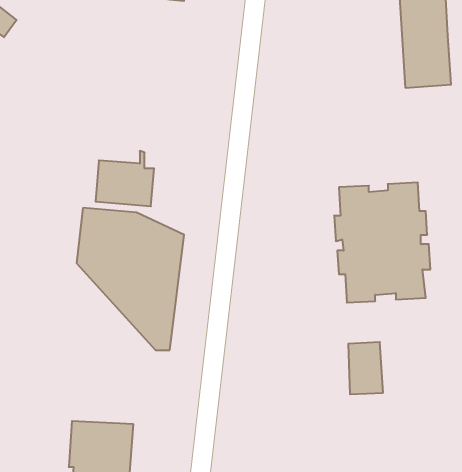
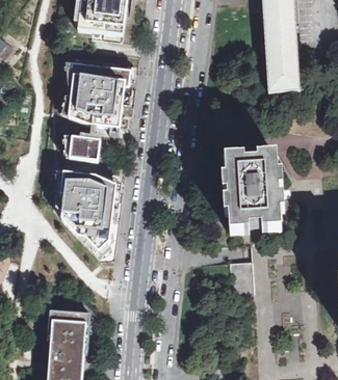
building: none -> [63,64,136,128]

